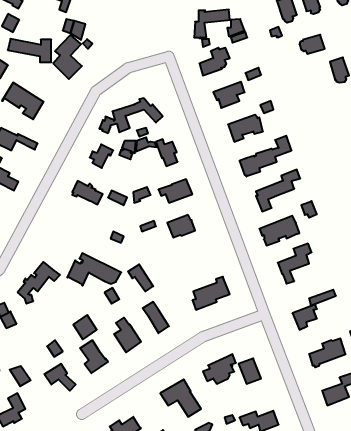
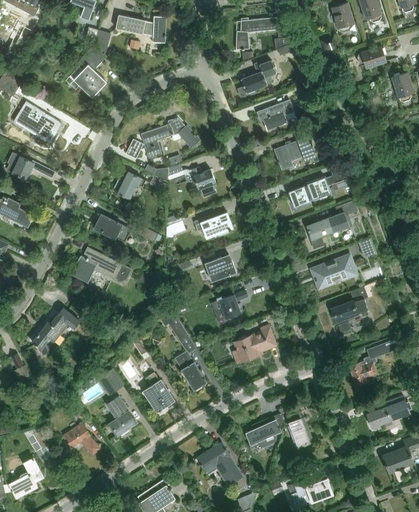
building: [8,39,51,62] -> [115,16,165,43]
building: none -> [210,289,246,318]
building: [67,253,121,285] -> [70,247,132,284]

